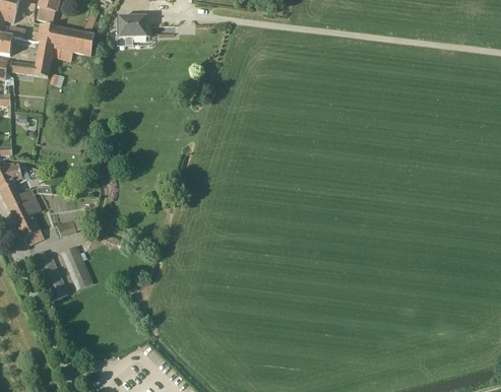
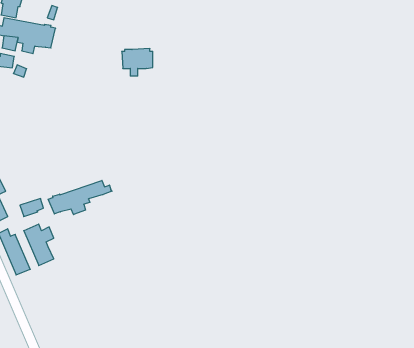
building: [116,14,149,44] -> [122,49,153,76]
building: none -> [48,180,112,215]

